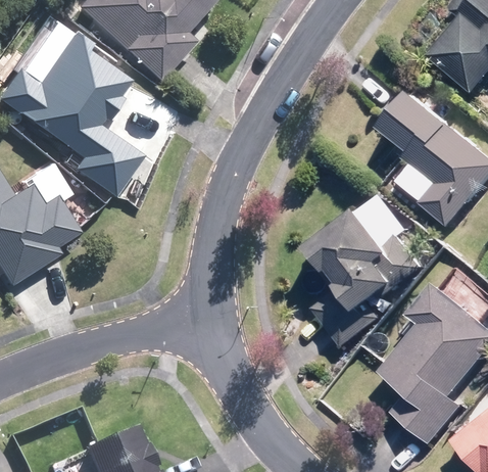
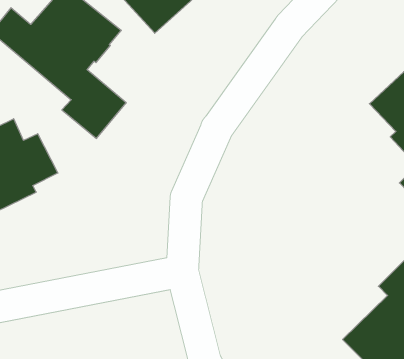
building: [307,209,423,347] -> none

